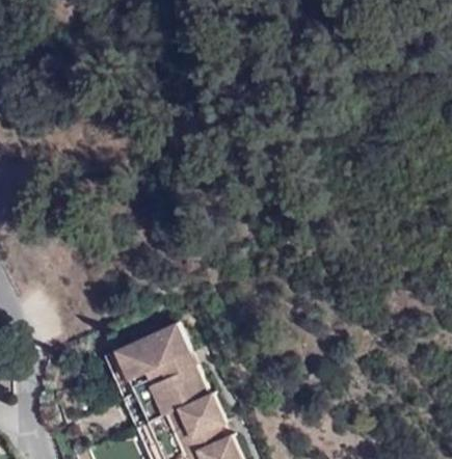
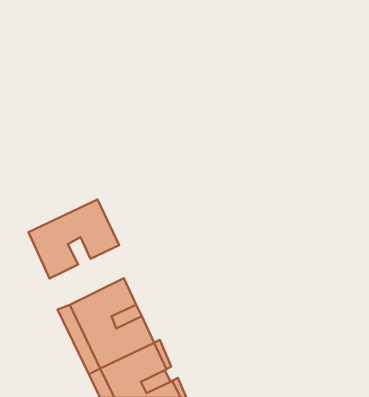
building: none -> [28,199,119,278]

